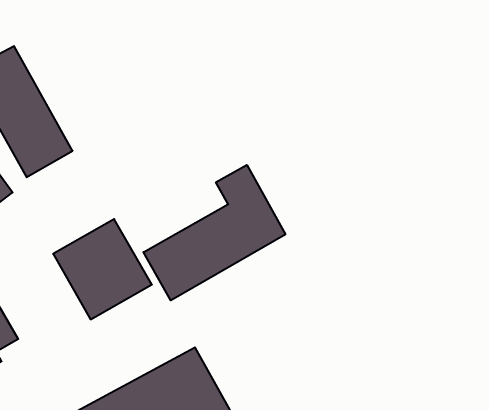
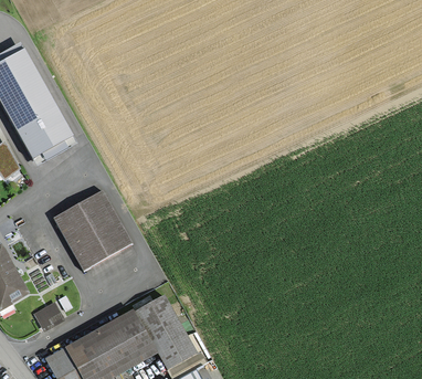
building: [143,165,285,300] -> none
building: none -> [33,301,63,329]

